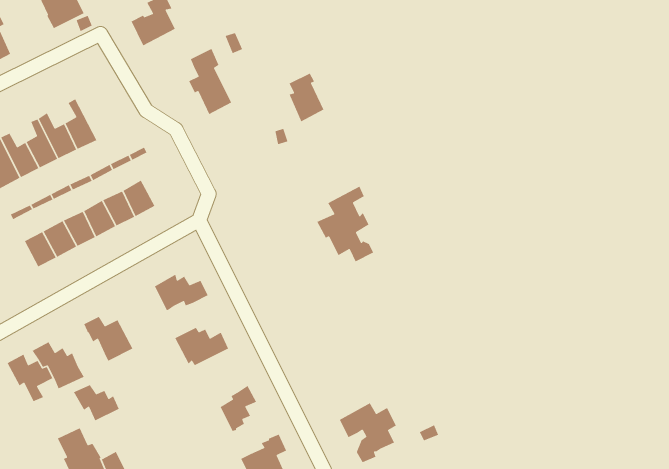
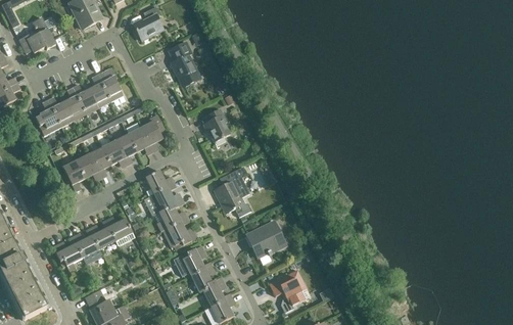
building: [288,72,324,123] -> [205,108,229,141]
building: none -> [97,66,124,101]
building: none -> [140,113,164,144]
building: [316,186,374,262] -> [214,166,251,216]
building: none -> [145,170,176,196]
building: none -> [156,206,189,231]
building: none -> [246,221,286,264]
building: none -> [173,245,207,276]
building: [73,384,120,422] -> [85,224,115,248]
building: none -> [202,276,227,306]

